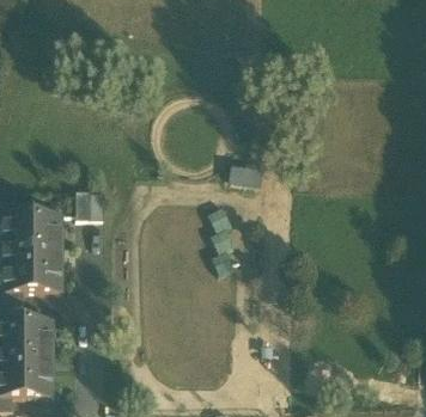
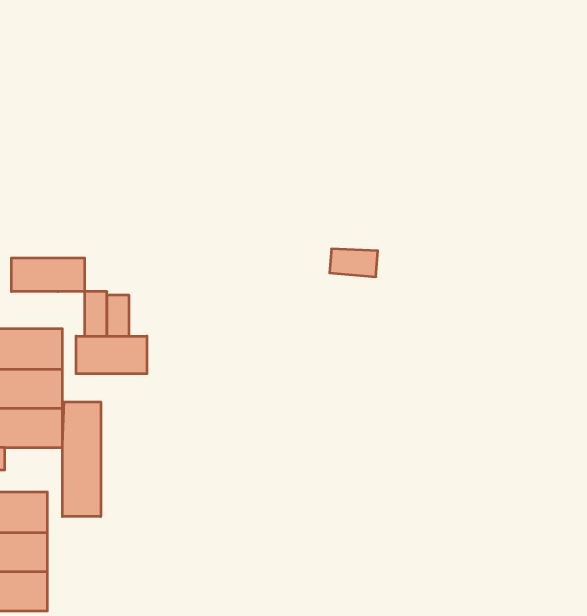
building: none -> [11,258,85,292]
building: none -> [76,336,147,374]
building: none -> [62,402,101,517]

